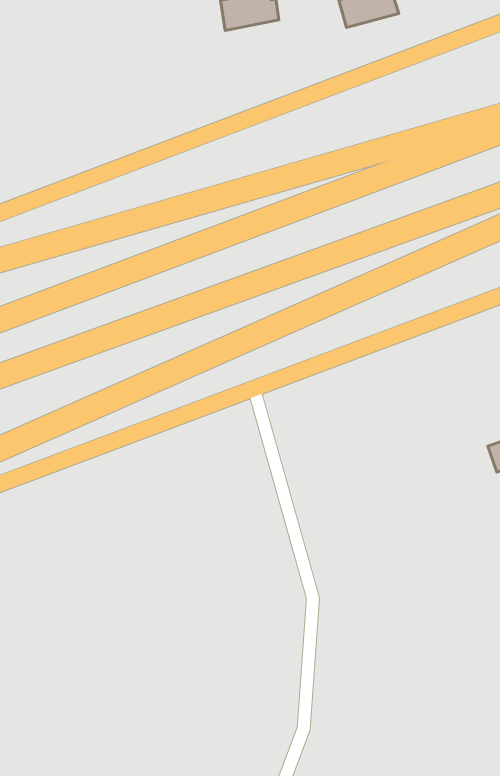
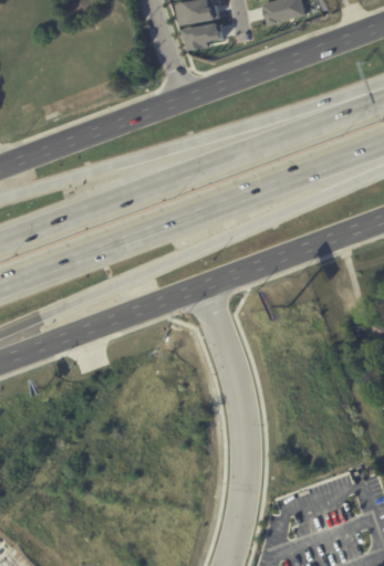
building: none -> [185,19,224,46]

